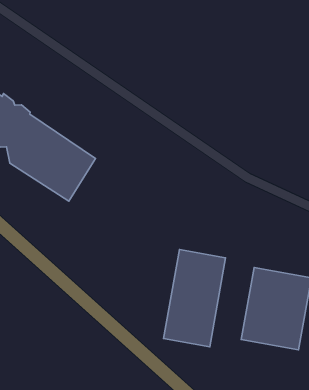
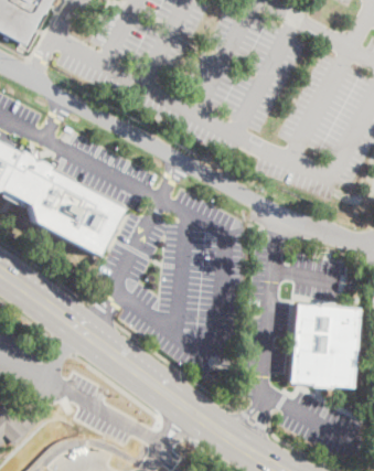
building: [164,249,226,347] -> none

